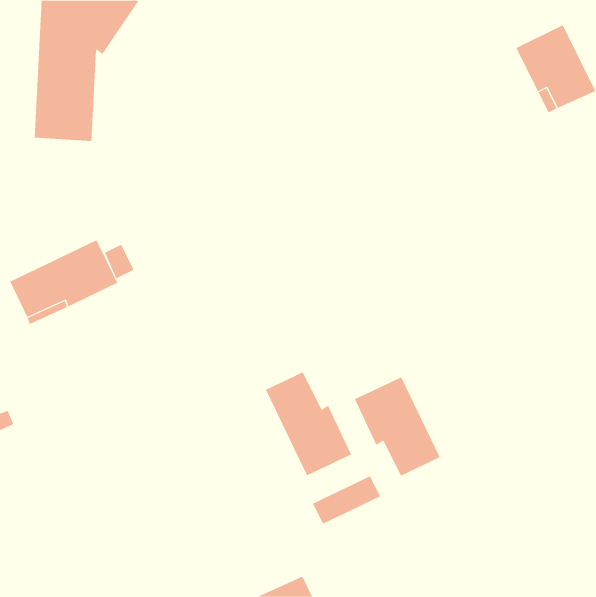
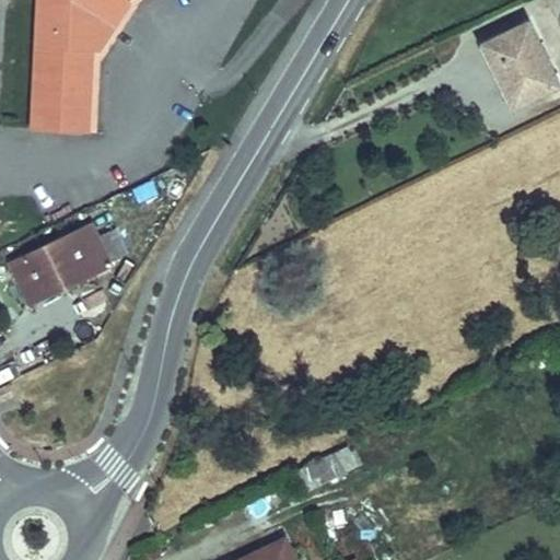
building: [265,372,352,476] -> none
building: [354,377,440,476] -> none

